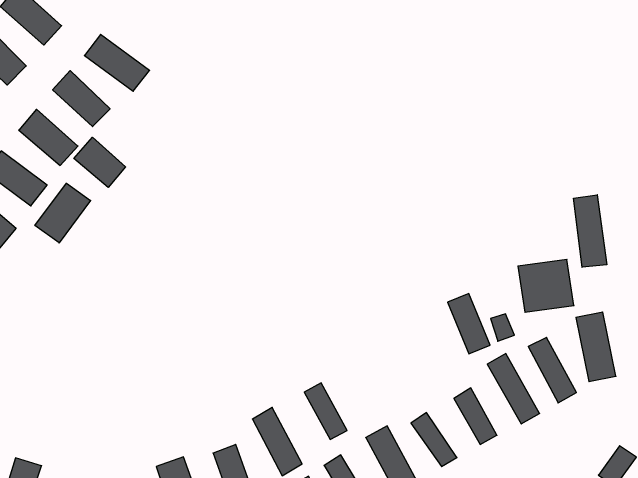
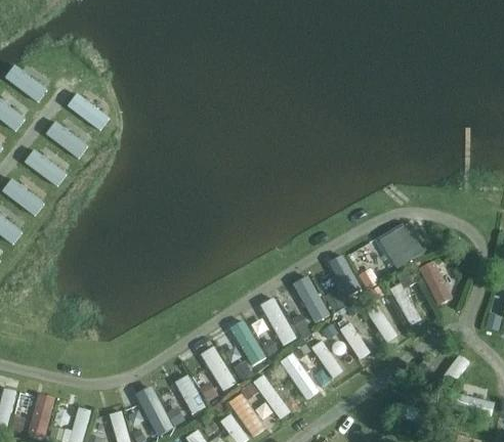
building: [74,137,126,187] -> none
building: [35,183,91,243] -> none
building: [574,195,607,267] -> none
building: none -> [293,273,333,320]
building: none -> [258,296,297,344]

